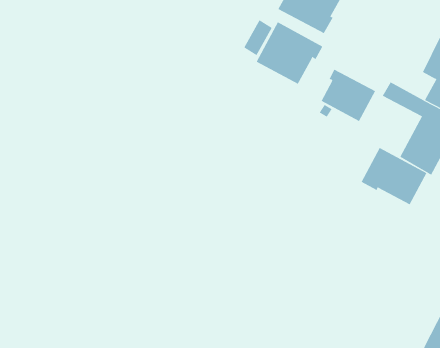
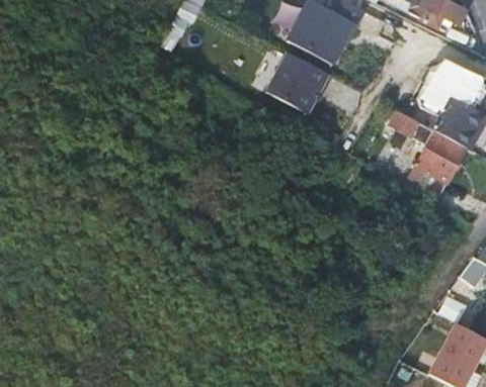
building: [321,69,376,122] -> none
building: [361,147,427,205] -> none

